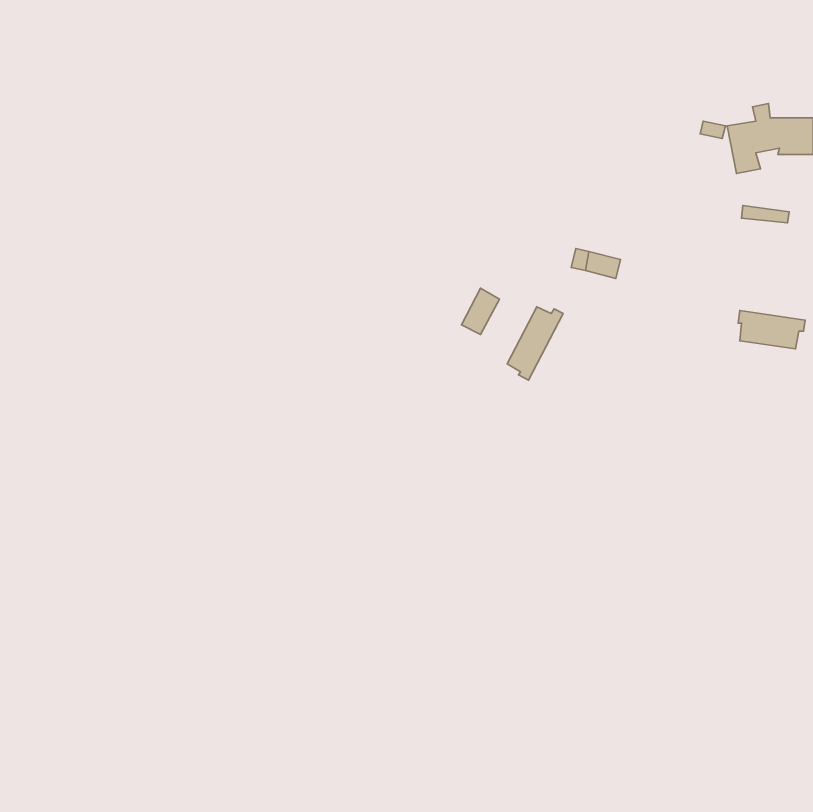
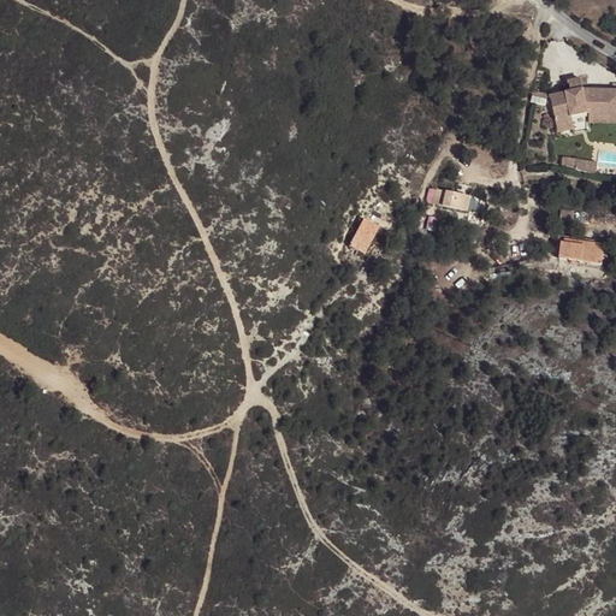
building: [507,307,563,380] -> none

